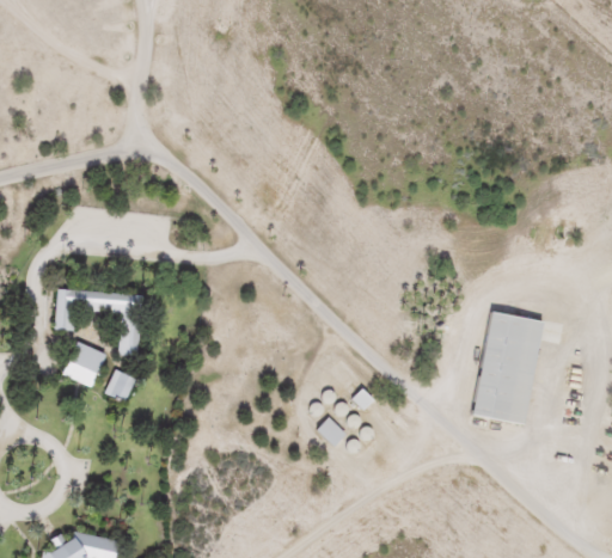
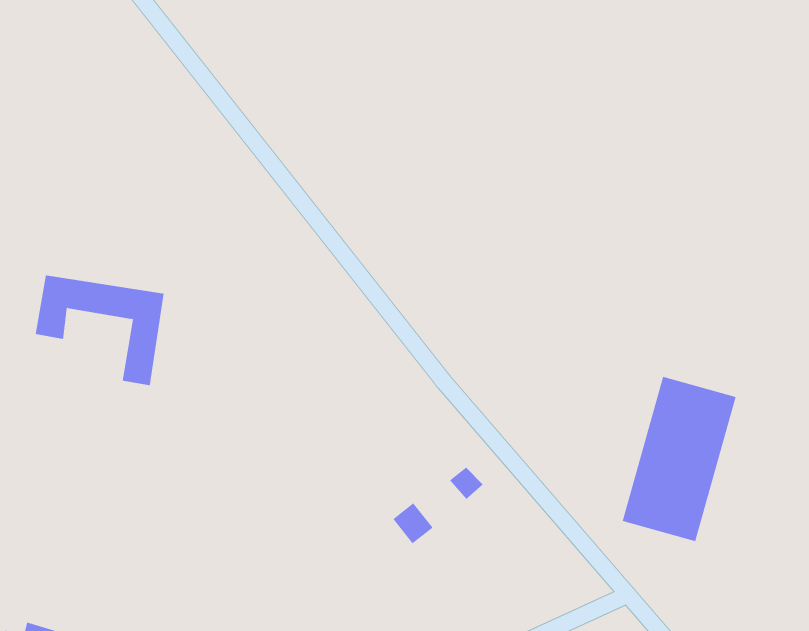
building: [61,341,106,387] -> none
building: [105,368,136,401] -> none

